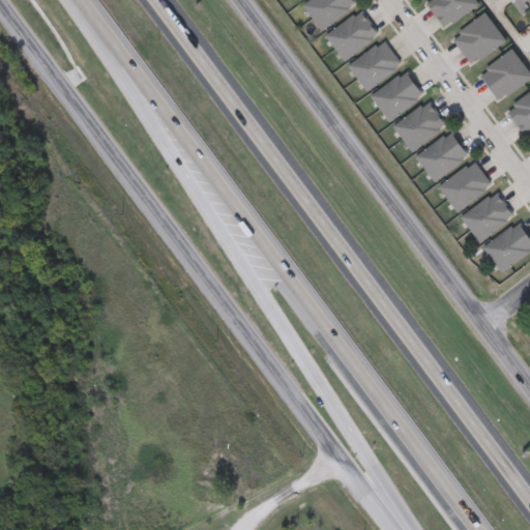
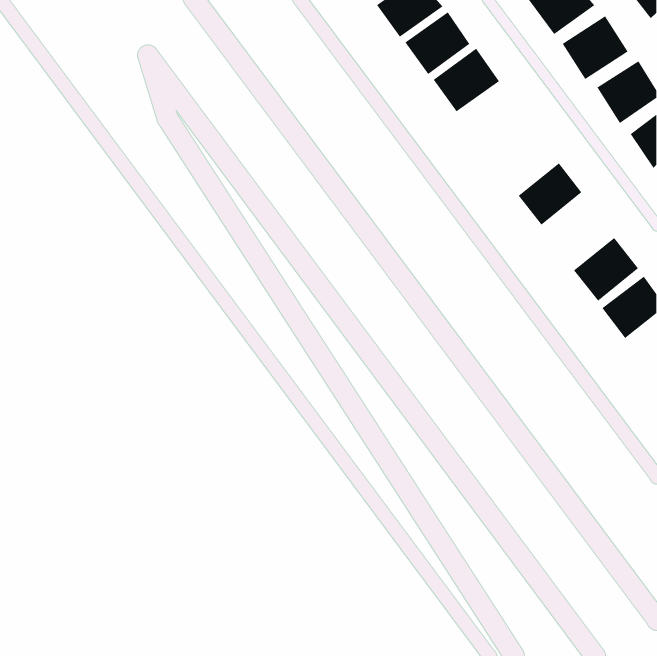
building: [371,70,423,120] -> none
building: [393,99,446,151] -> none
building: [438,159,492,211] -> none

